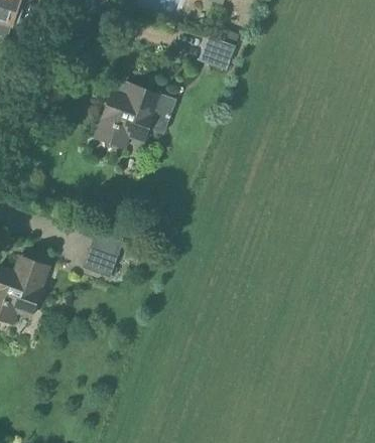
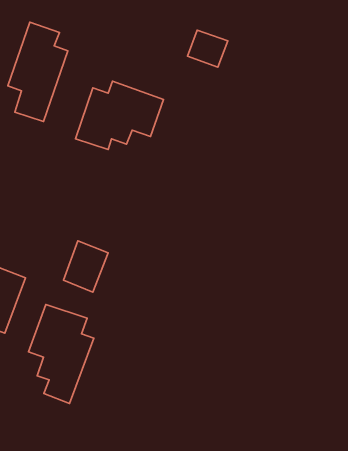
building: none -> [8,22,68,122]
building: none -> [29,304,94,403]

